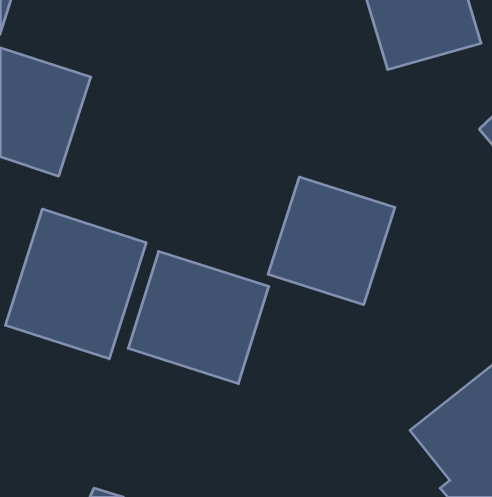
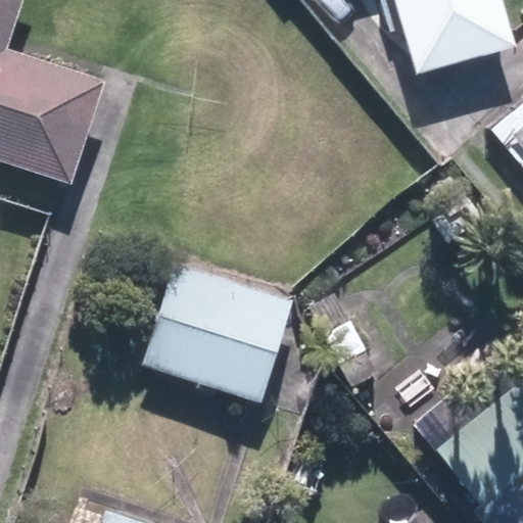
building: [268,177,395,305] -> none
building: [5,209,146,359] -> none

